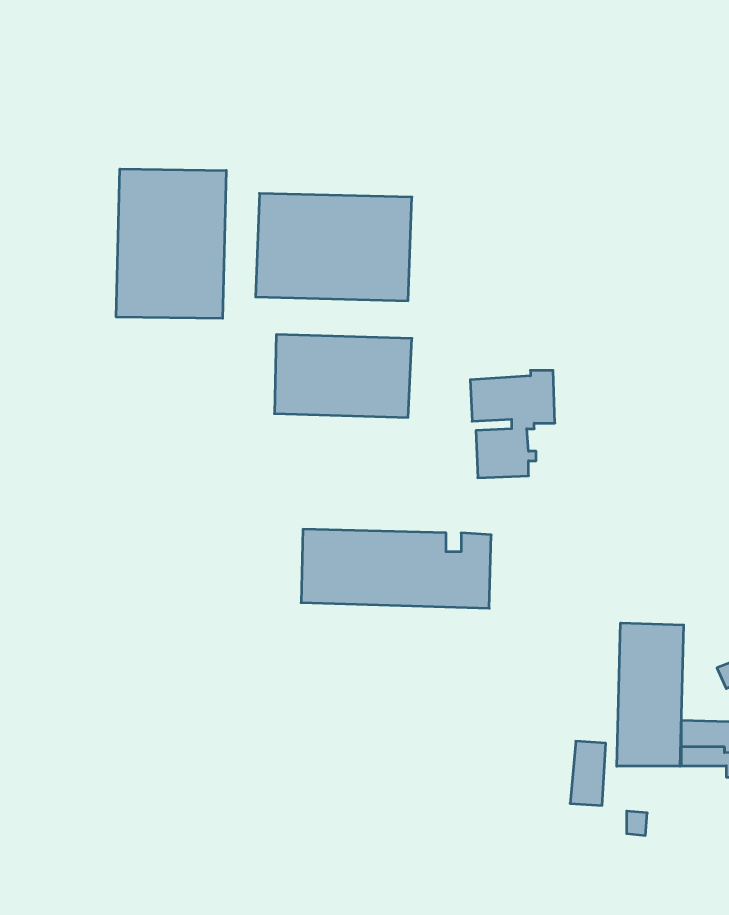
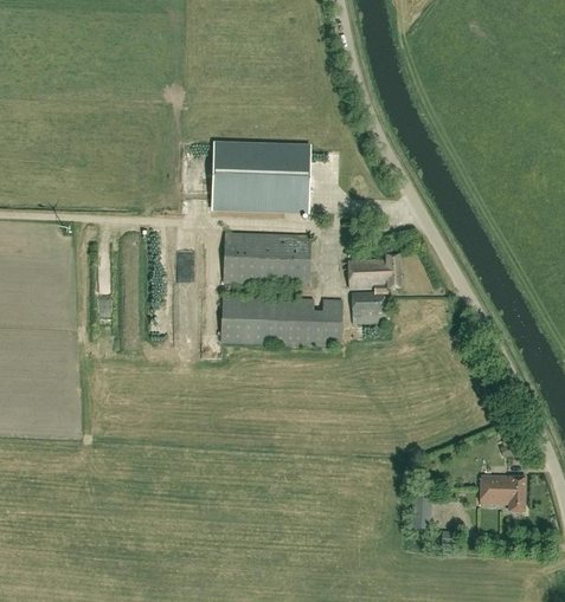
building: [116,169,226,318] -> none
building: [301,529,491,608] -> [221,296,341,345]
building: [617,623,684,766] -> none

